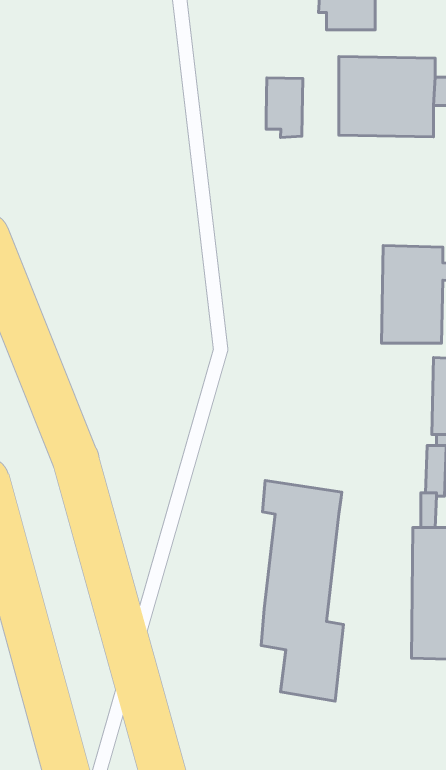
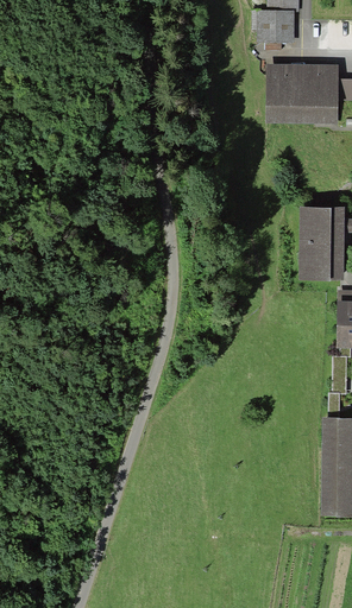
building: [266,78,303,137] -> none
building: [261,481,344,701] -> none

